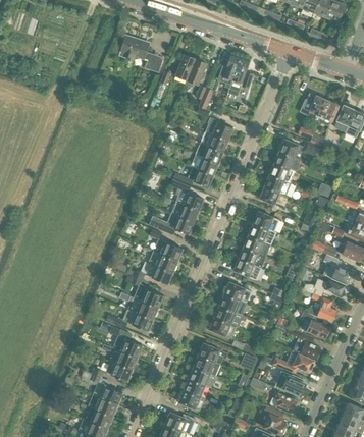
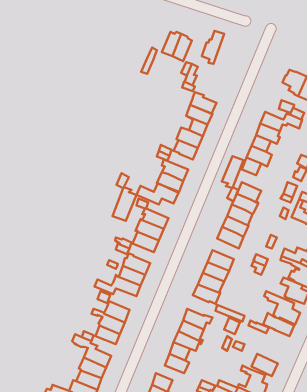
building: [118,35,163,71] -> none
building: [229,56,250,96] -> none
building: none -> [222,156,243,201]
building: none -> [112,173,136,221]
building: [273,370,305,395] -> none

